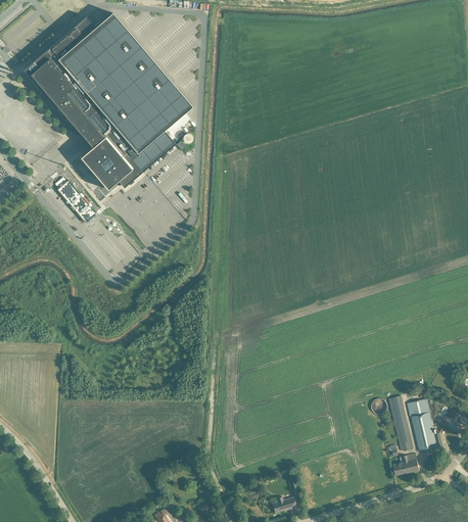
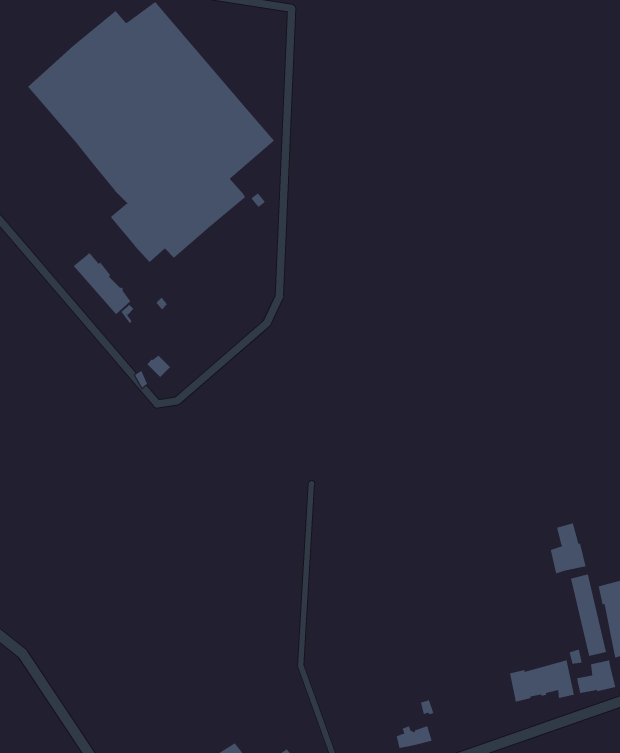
building: none -> [550,523,586,574]
building: none -> [509,660,574,702]

